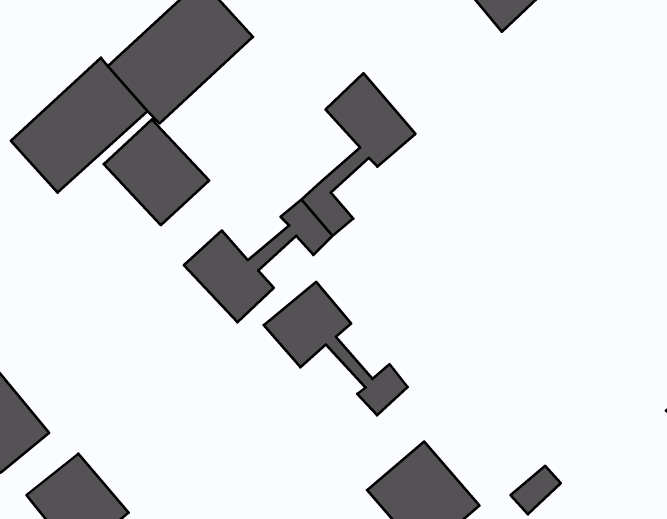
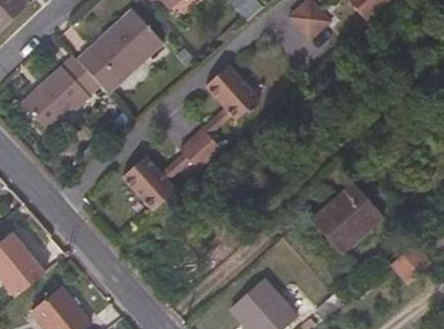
building: [104,119,209,225] -> none
building: none -> [310,182,383,255]
building: [264,282,408,415] -> none

